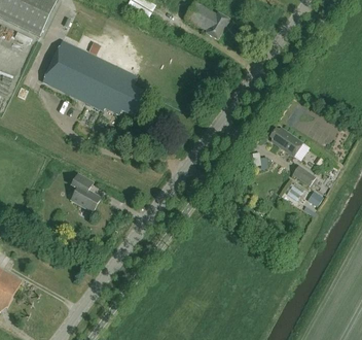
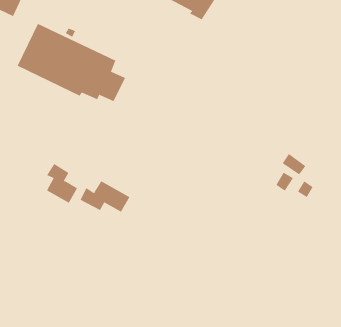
building: [269,126,302,155] -> none
building: none -> [80,180,130,212]

